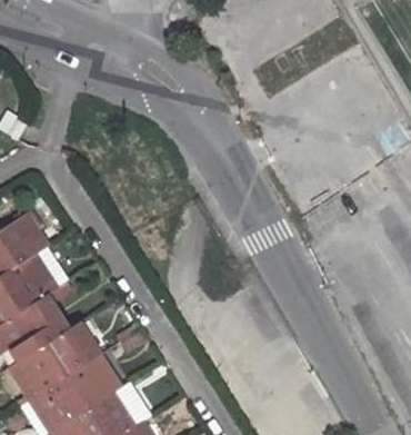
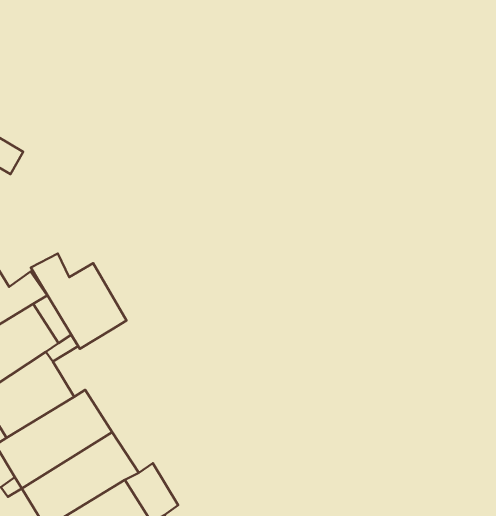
building: none -> [31,254,126,349]

